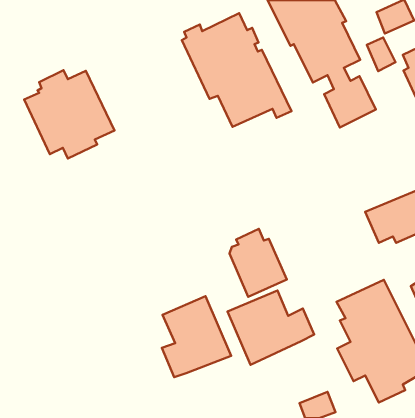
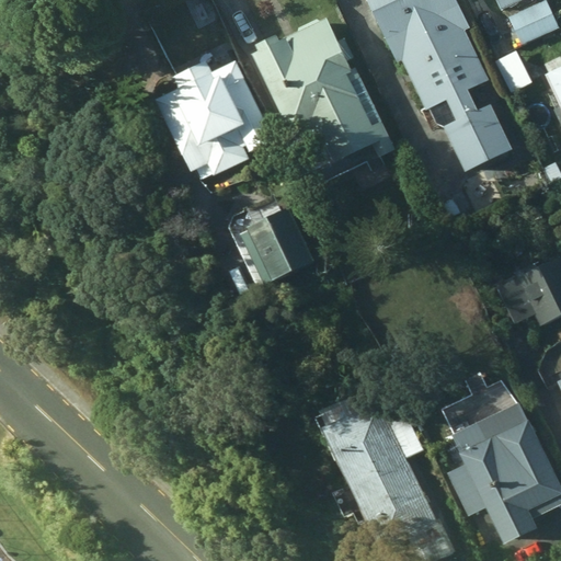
building: [24,70,114,158] -> [159,57,279,175]
building: [229,229,287,297] -> [245,197,322,288]
building: [162,296,231,377] -> none
building: none -> [332,457,437,553]

